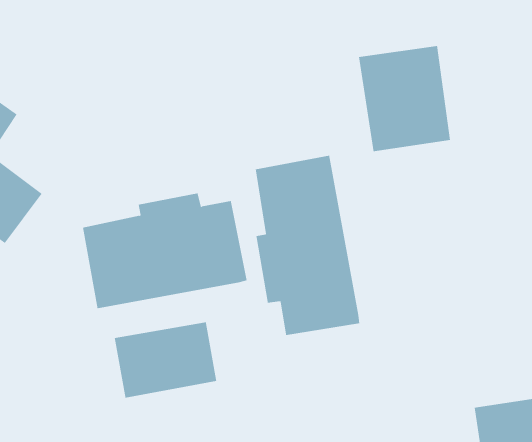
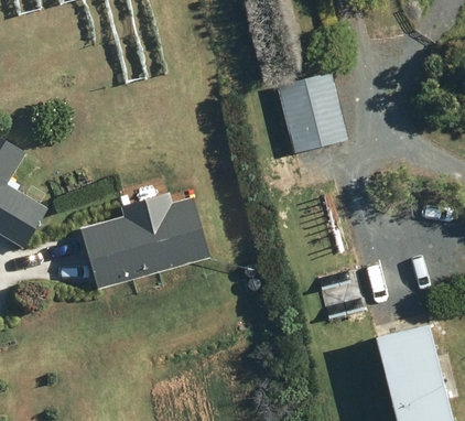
building: [255,155,360,336] -> none
building: [114,321,217,399] -> none

